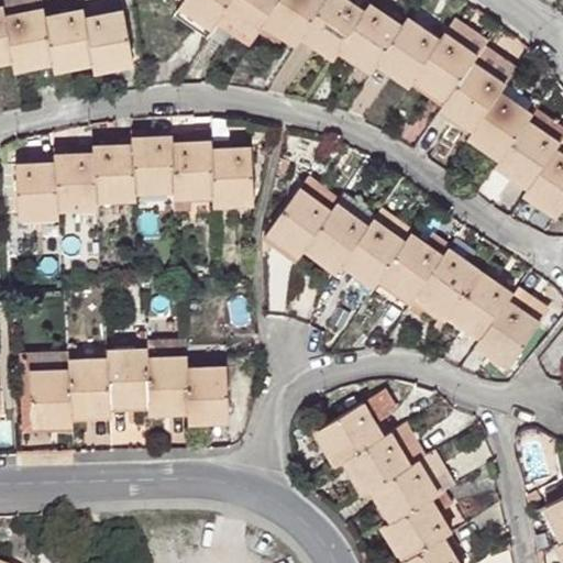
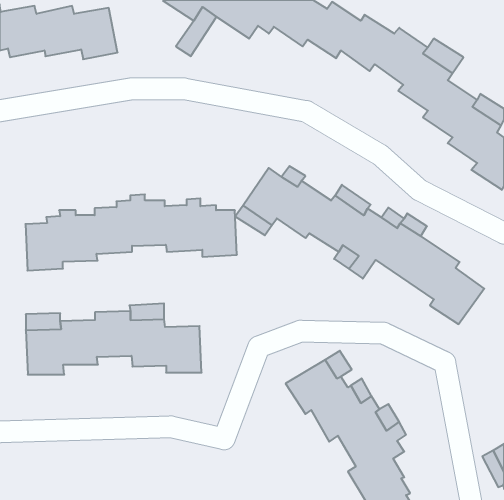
building: [14,134,250,219] -> [25,194,237,271]

